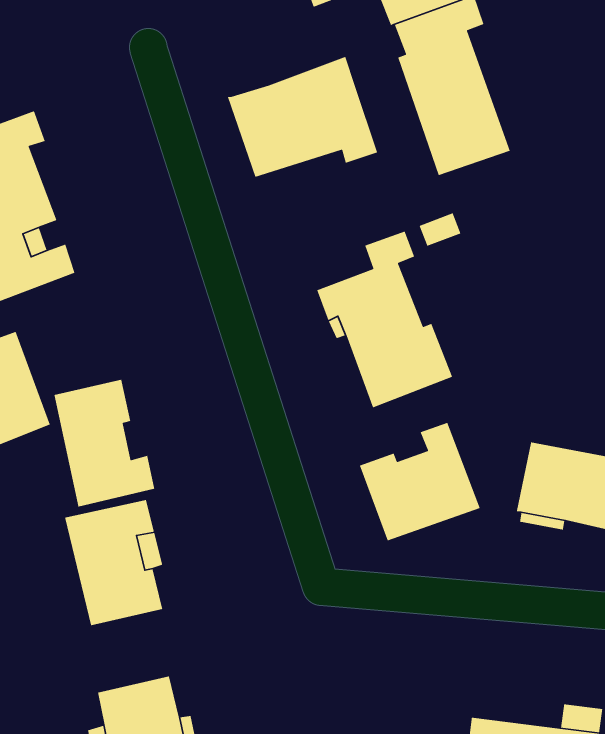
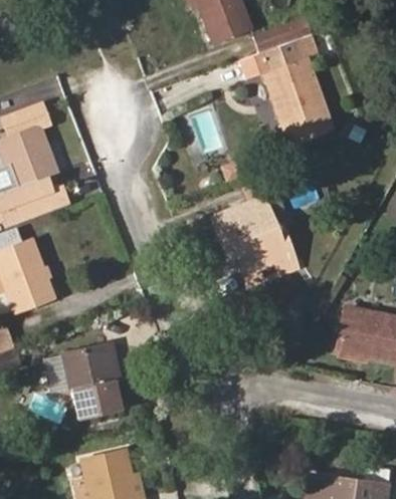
building: [227,56,378,178] -> none
building: [54,379,155,507] -> none
building: [359,422,481,542] -> none

